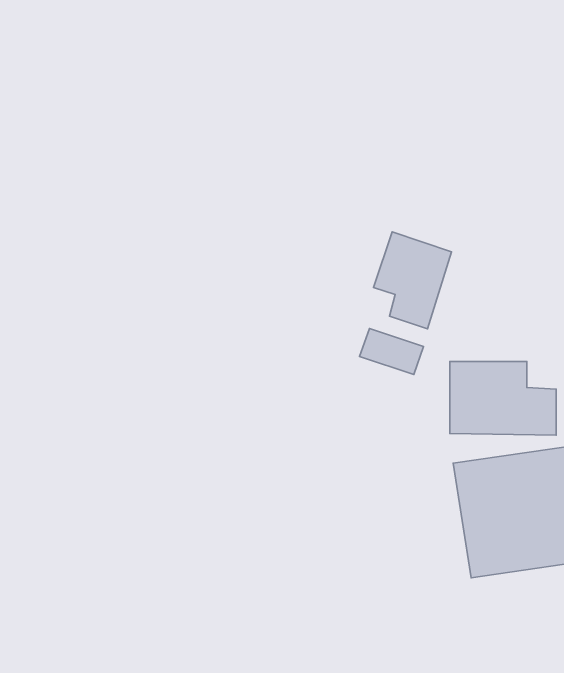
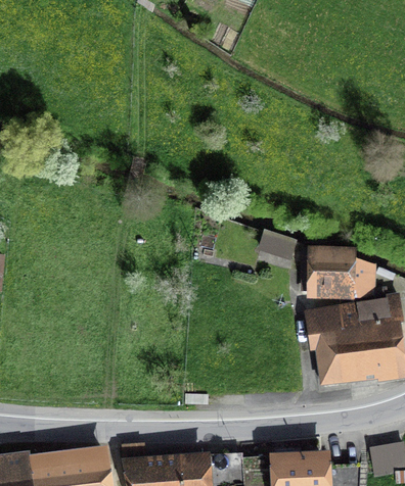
building: [374,232,452,329] -> none

